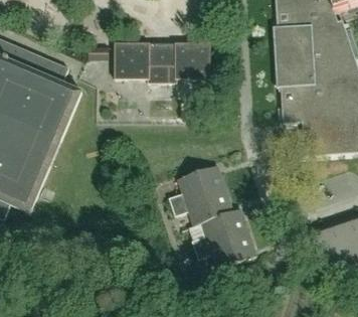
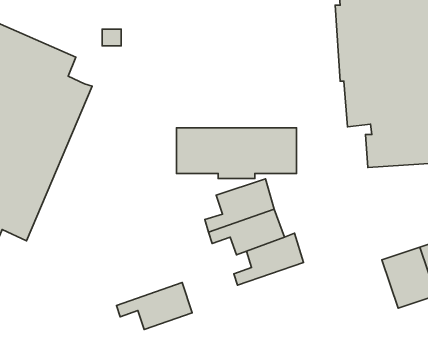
building: [114,43,209,84] -> [176,128,297,178]
building: [196,231,256,269] -> [116,283,192,329]

